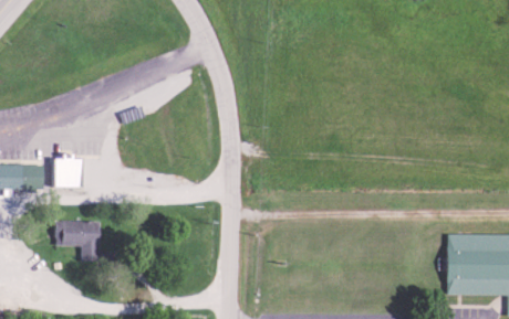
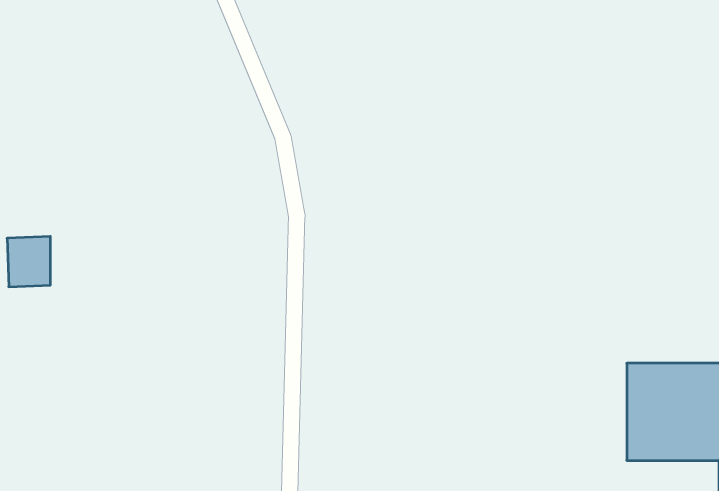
building: [54,220,98,260] -> none

